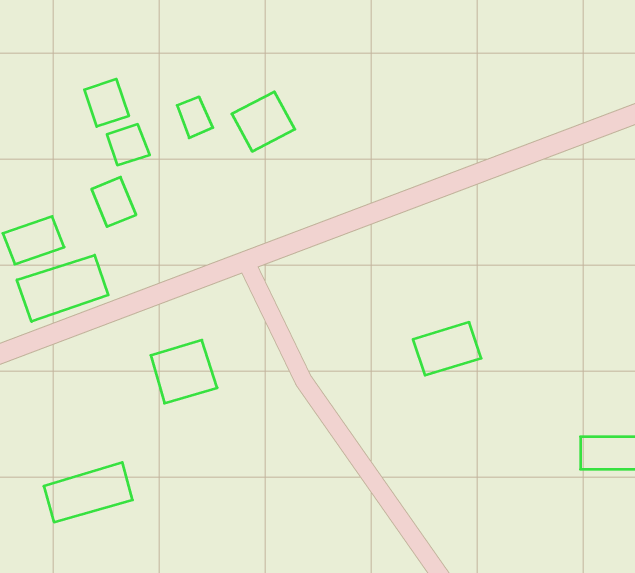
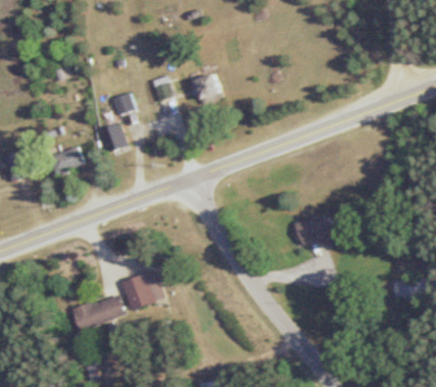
building: [84,79,129,127] -> none
building: [17,255,108,322] -> none
building: [151,340,217,403] -> [122,270,162,308]

